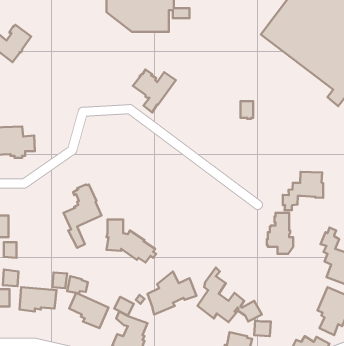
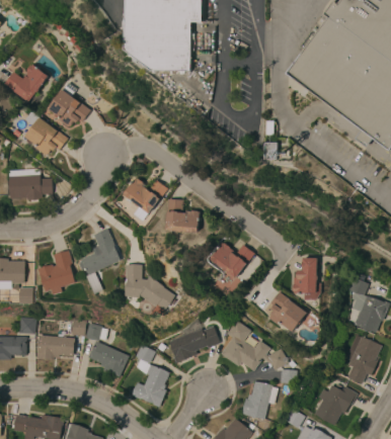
building: none -> [48,83,90,127]
building: [133,69,176,112] -> [123,177,167,222]
building: none -> [24,111,68,156]
building: none -> [166,199,200,233]
building: [283,172,323,210] -> none
building: none -> [210,243,253,278]
building: none -> [37,251,75,295]
building: none -> [267,292,306,332]

